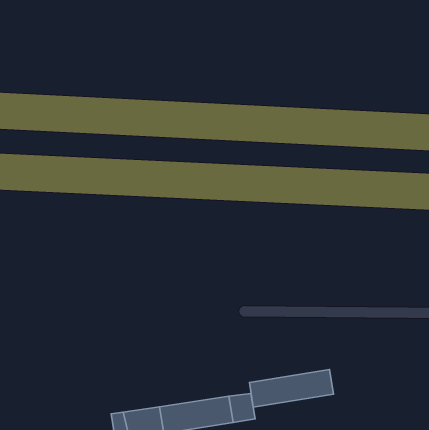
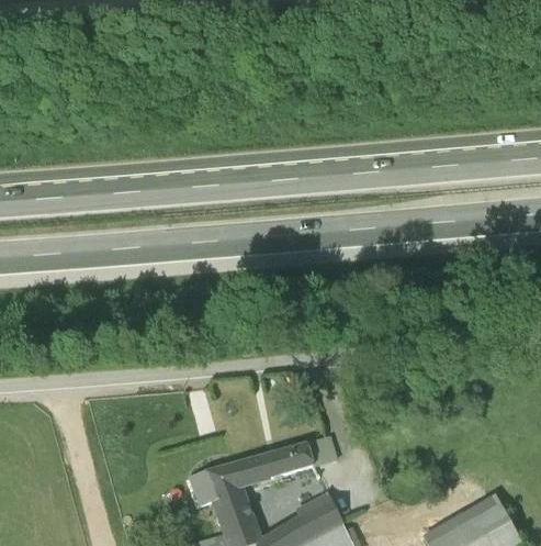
building: [249,369,333,407] -> none

